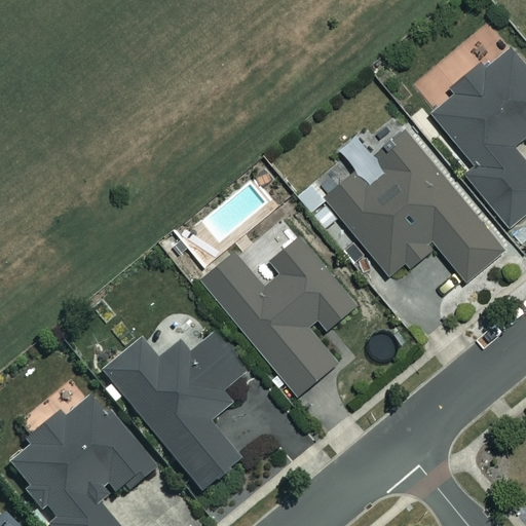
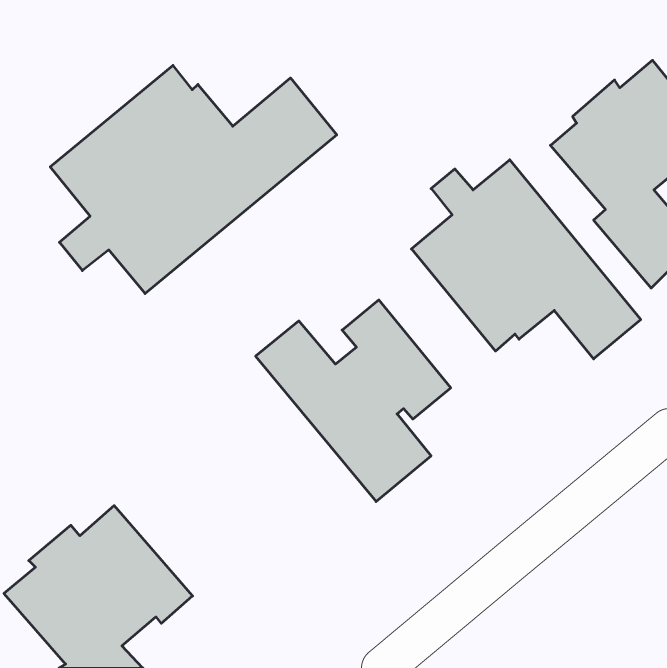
building: none -> [50,65,337,294]
building: [103,335,245,490] -> none

